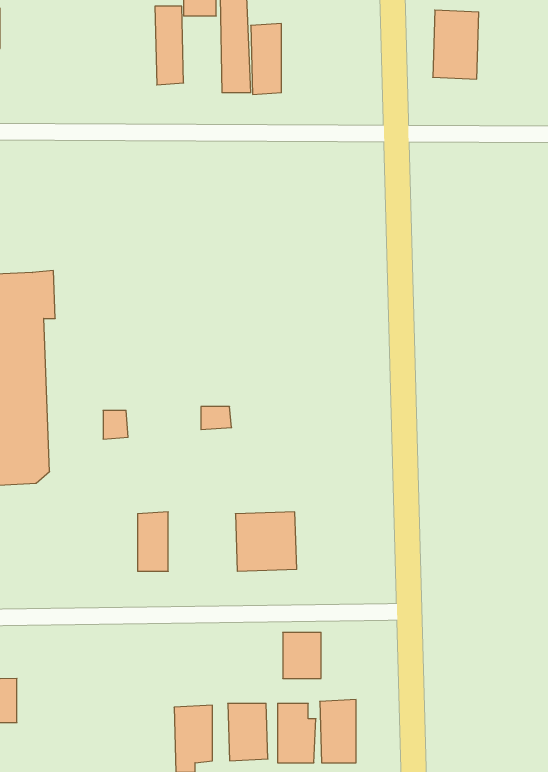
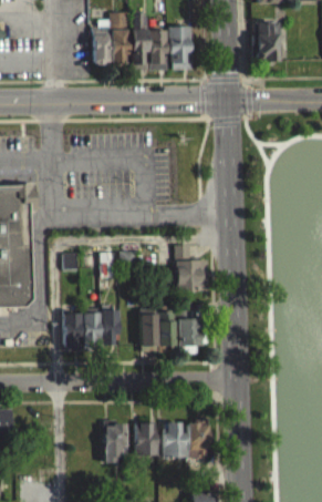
building: none -> [168,27,193,70]
building: none -> [111,30,128,65]
building: none -> [175,245,208,291]
building: none -> [102,310,120,345]
building: none -> [63,314,81,351]
building: [283,632,321,678] -> [178,319,200,346]

